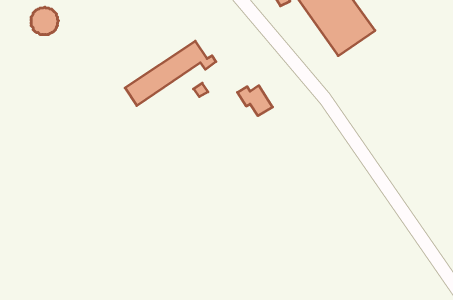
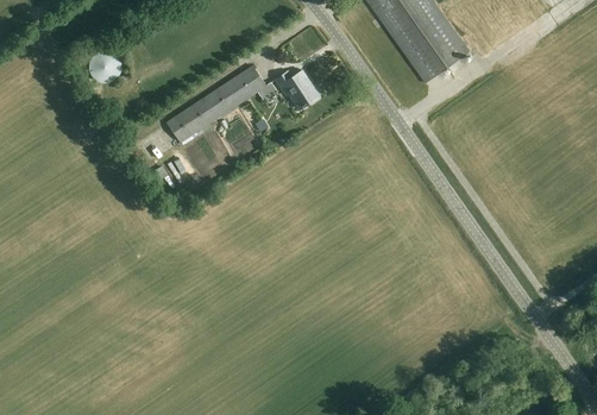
building: [31,7,59,34] -> [89,50,122,83]
building: [237,86,273,116] -> [278,70,321,107]

